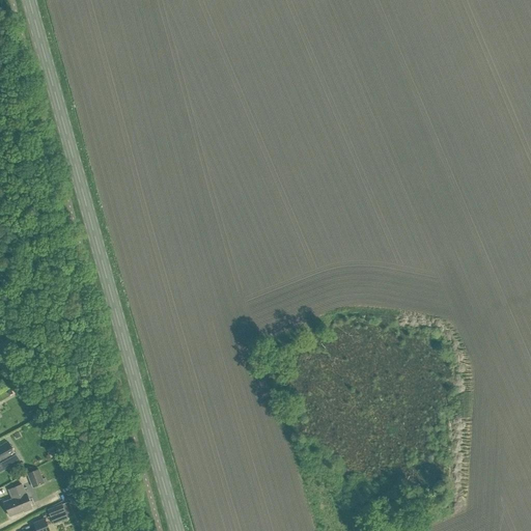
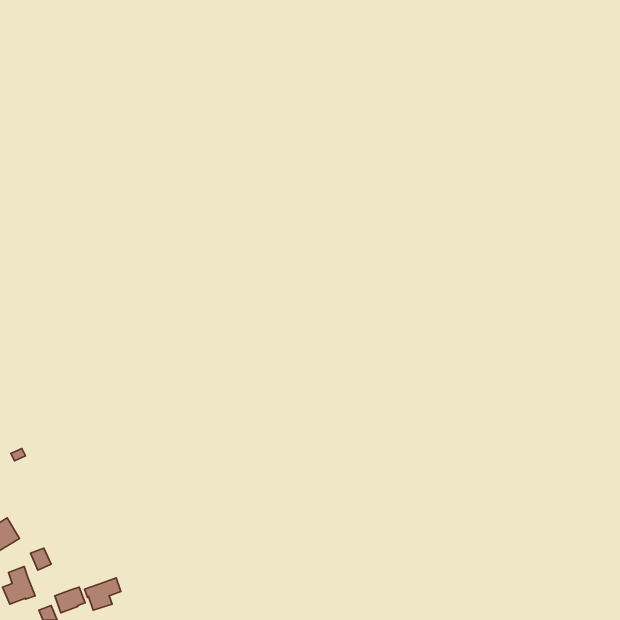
building: none -> [84,578,121,610]

